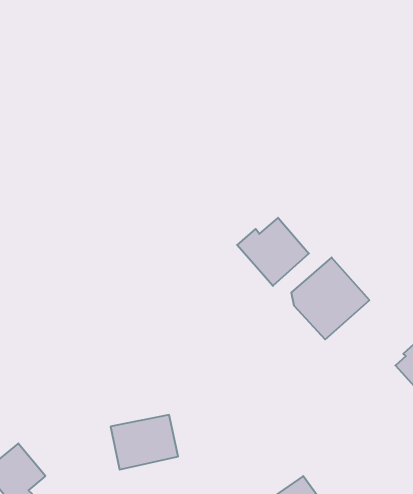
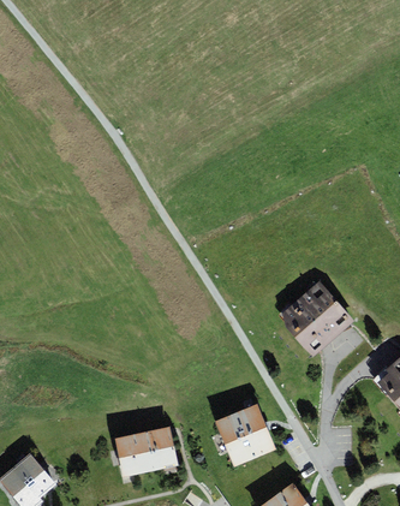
building: [237,218,309,286] -> none
building: none -> [215,404,275,466]

